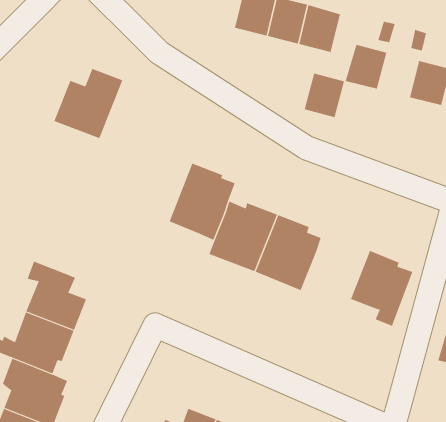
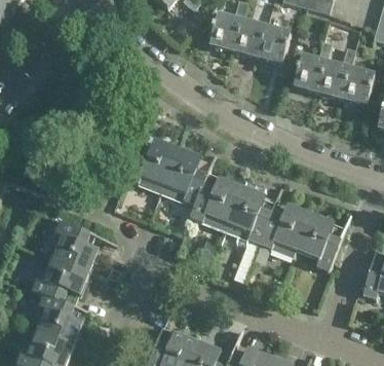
building: [54,68,123,139] -> [126,137,179,190]
building: [304,73,345,118] -> [318,63,349,97]
building: none -> [261,204,312,255]

